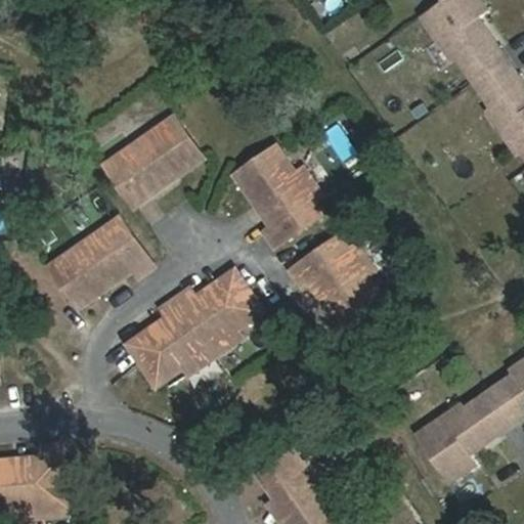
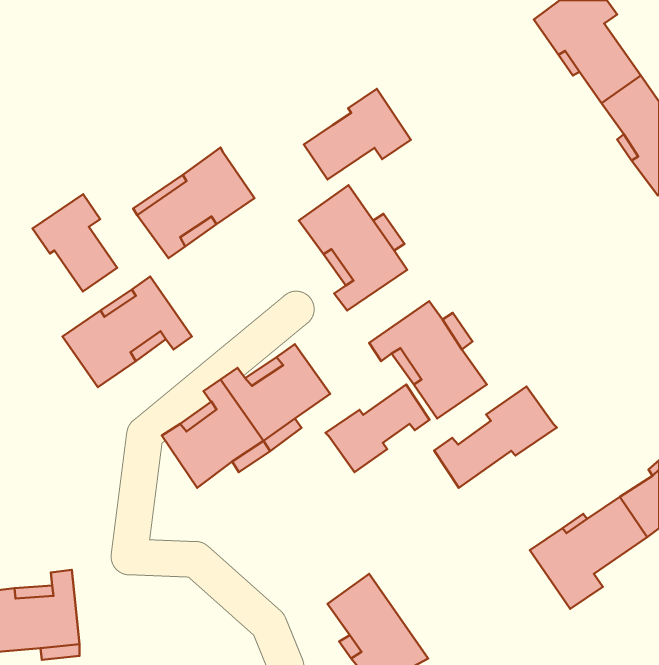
building: none -> [304,89,411,179]
building: none -> [33,194,117,292]
building: none -> [326,384,430,472]
building: none -> [434,386,557,488]

